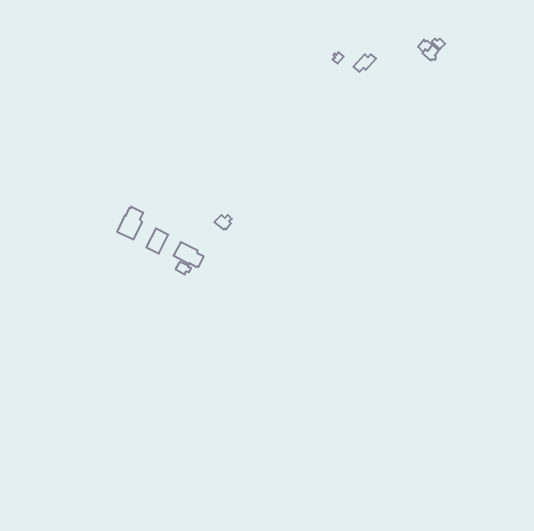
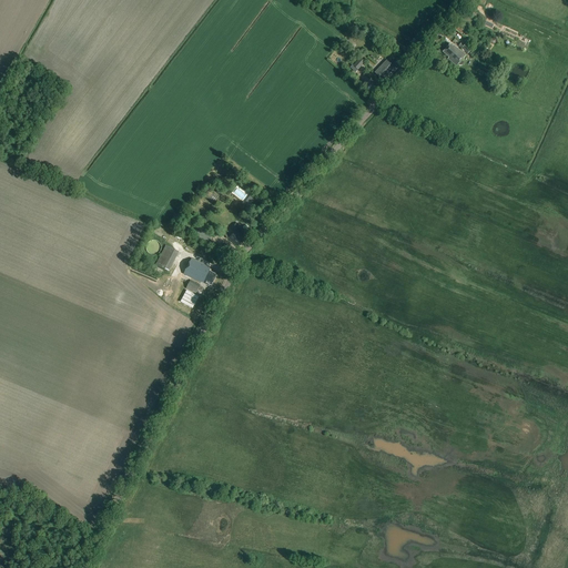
building: [117,206,143,240] -> none

